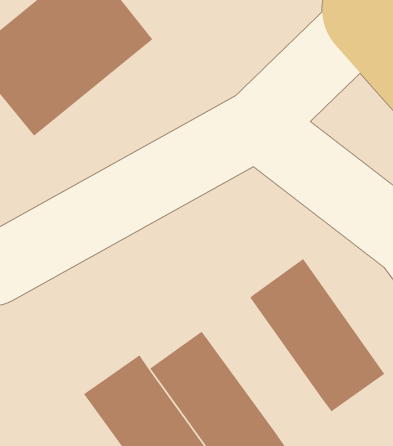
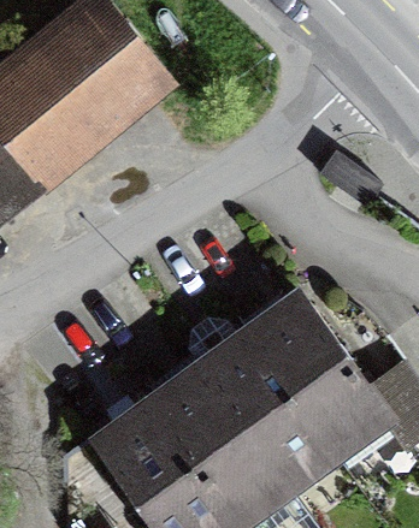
building: none -> [197,330,326,476]

